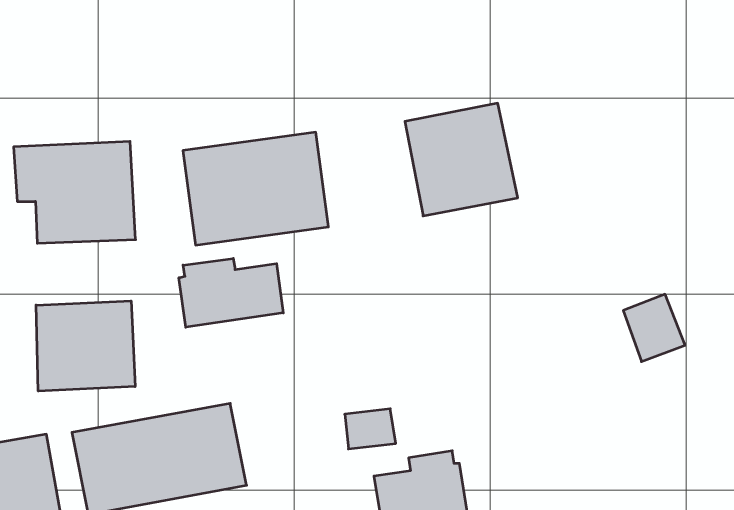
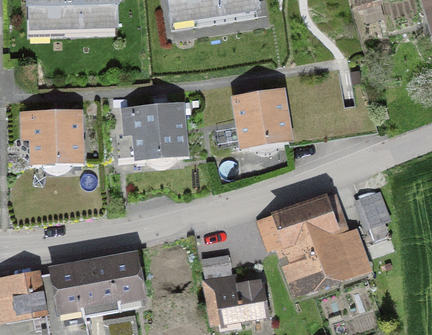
building: [179,258,283,327] -> none
building: none -> [253,196,370,296]
building: [36,301,135,391] -> none

